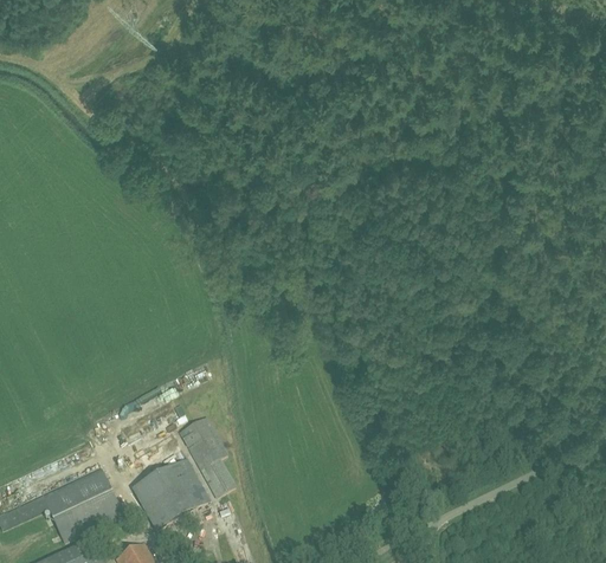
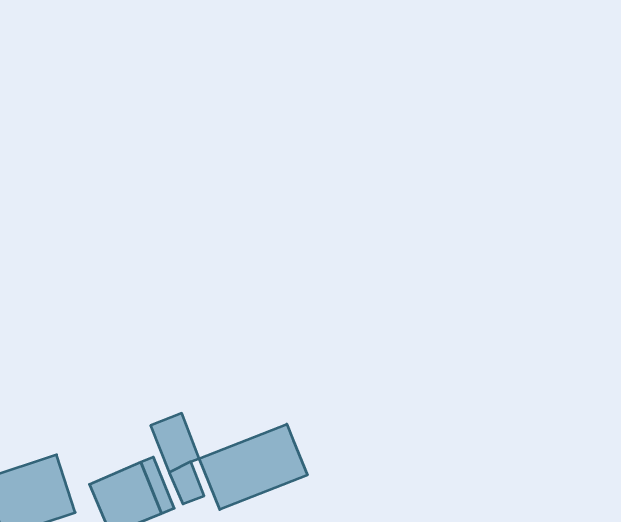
building: none -> [199,424,307,510]

